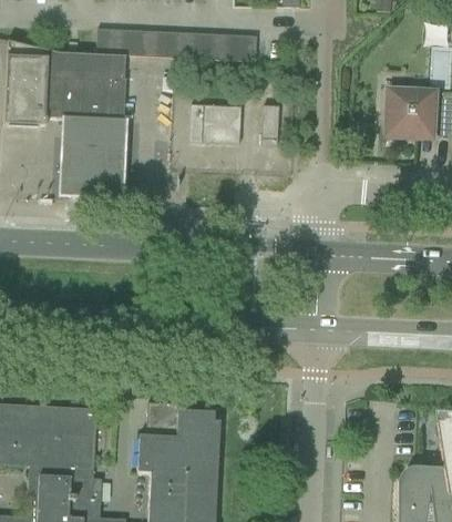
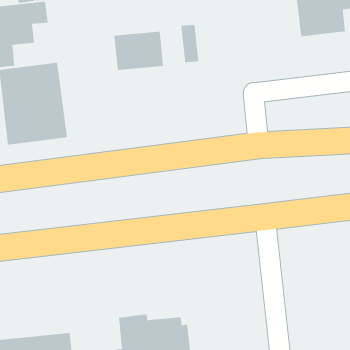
building: [81,79,124,122] -> none

